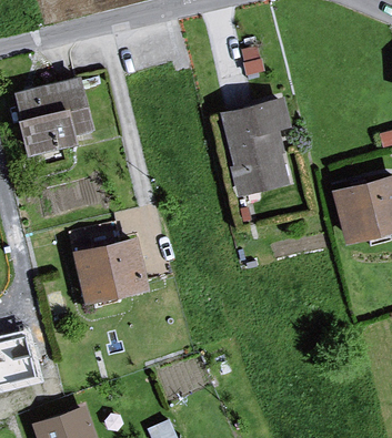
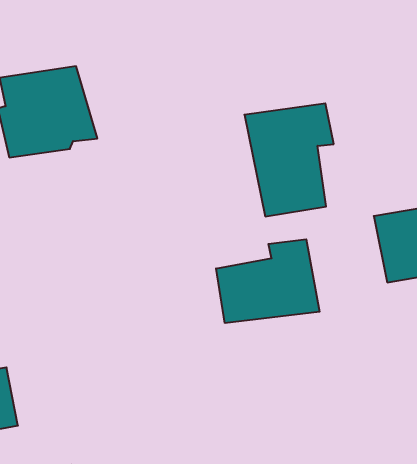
building: none -> [216,239,320,323]
building: [72,241,144,303] -> none

